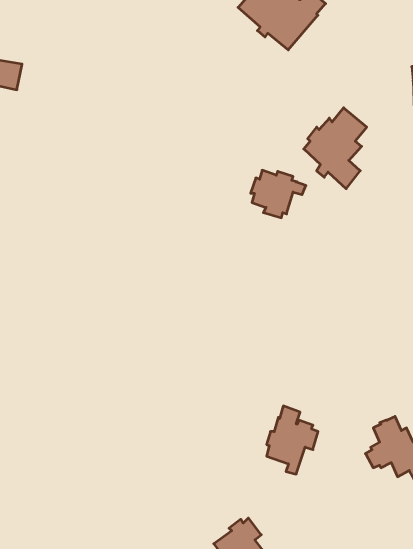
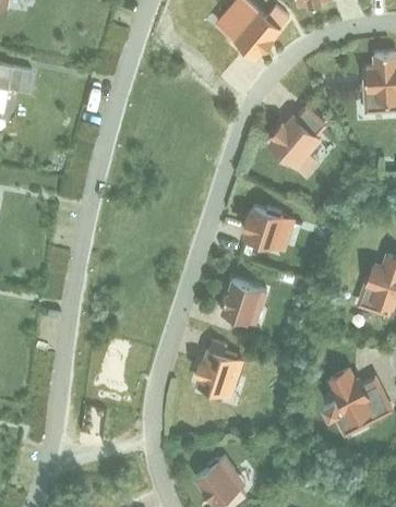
building: [251,170,306,218] -> [245,209,292,250]
building: none -> [221,280,267,329]
building: [267,406,318,474] -> [199,341,242,399]

